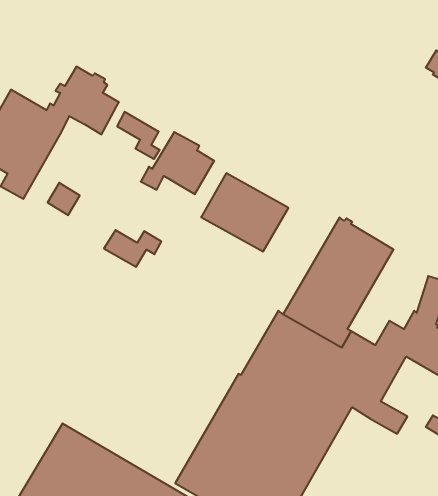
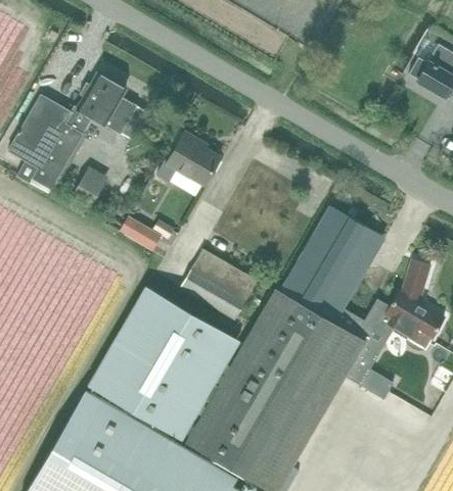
building: [117,112,160,159] -> none
building: [201,173,288,252] -> [181,249,259,318]
building: none -> [88,287,234,438]

